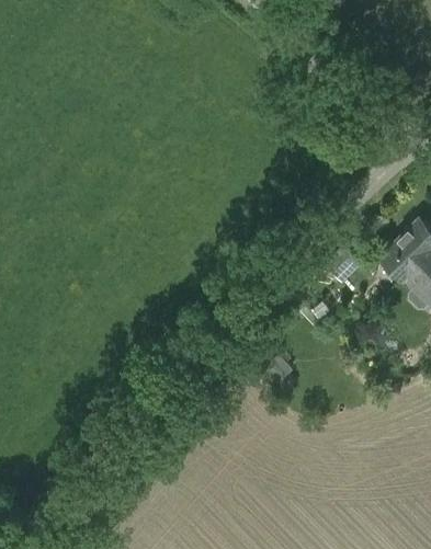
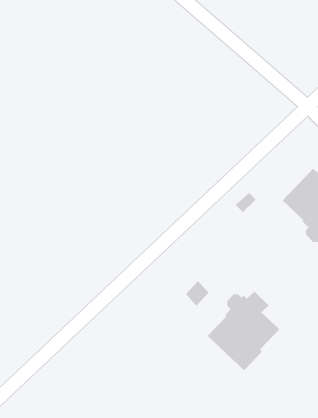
building: none -> [207,291,280,371]

